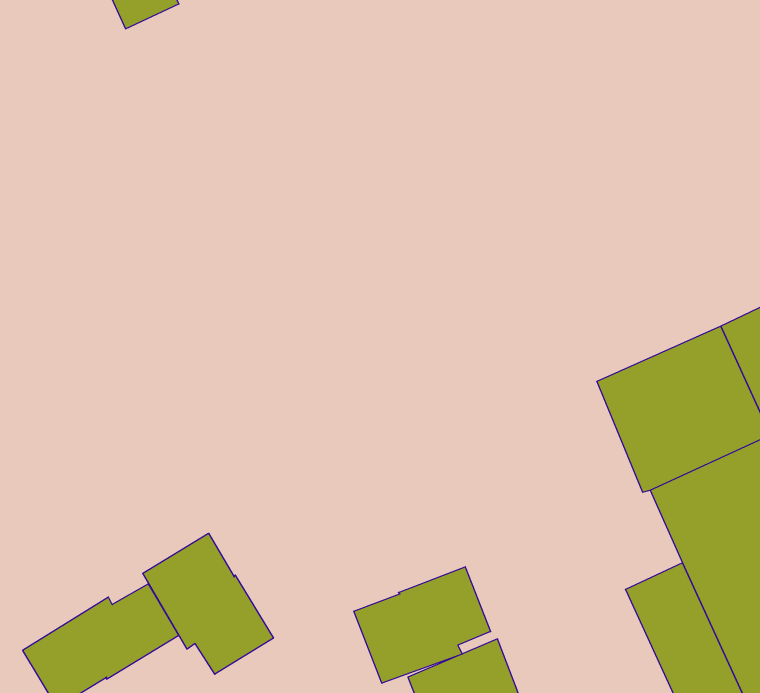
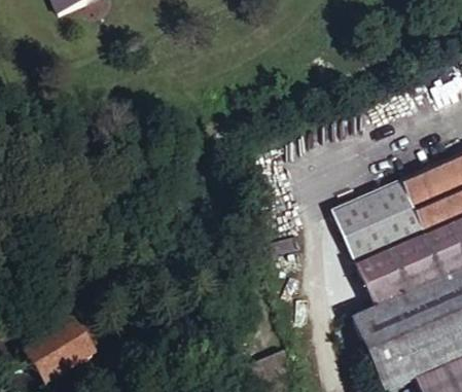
building: [143,533,273,674] -> none
building: [354,567,491,683] -> none

